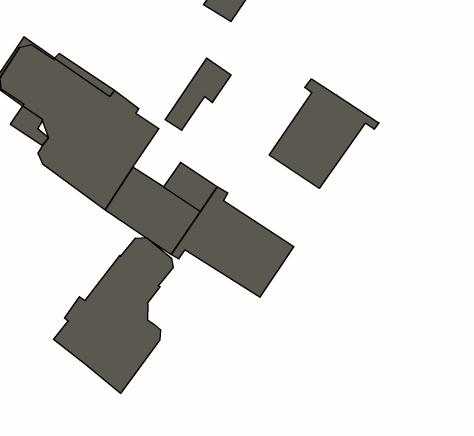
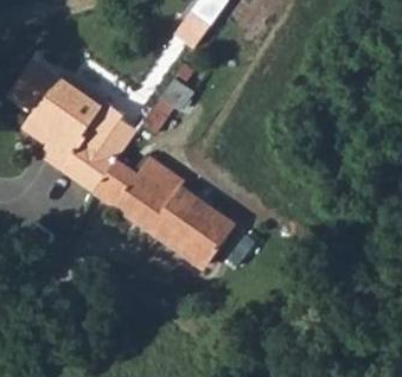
building: [269,79,379,188] -> none
building: [53,238,173,393] -> none

